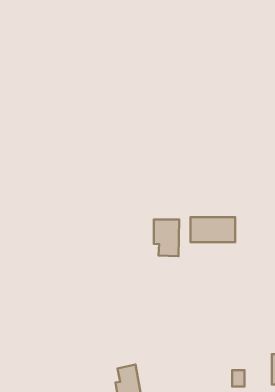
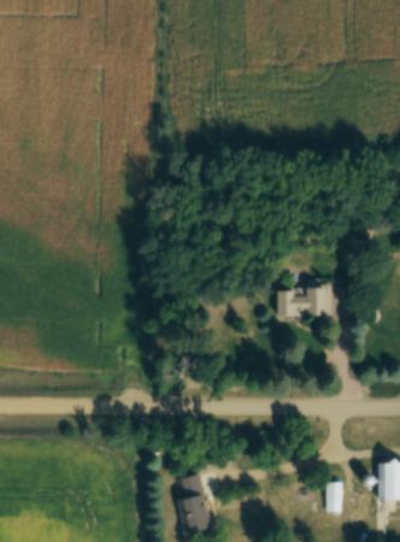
building: [154,220,179,256] -> none

